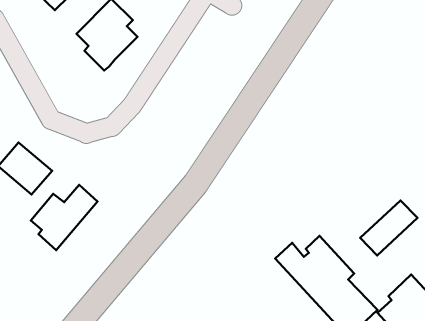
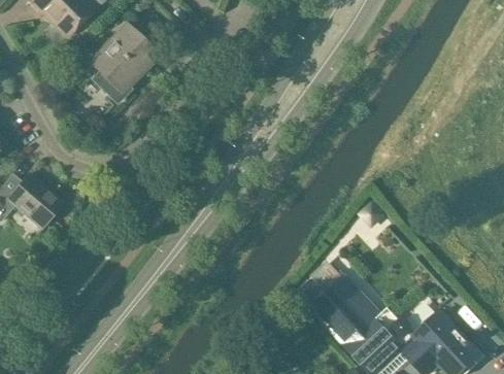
building: [31,185,98,250] -> none
building: [360,200,417,255] -> none

